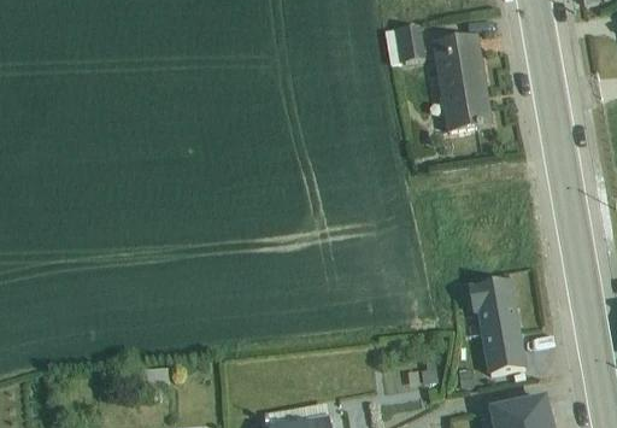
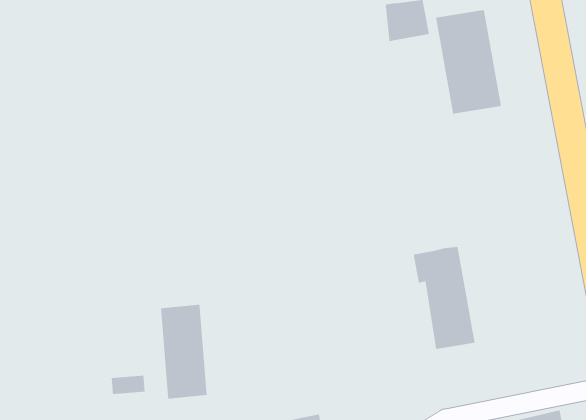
building: [469,279,525,373] -> [413,246,475,350]
building: none -> [160,304,208,399]

